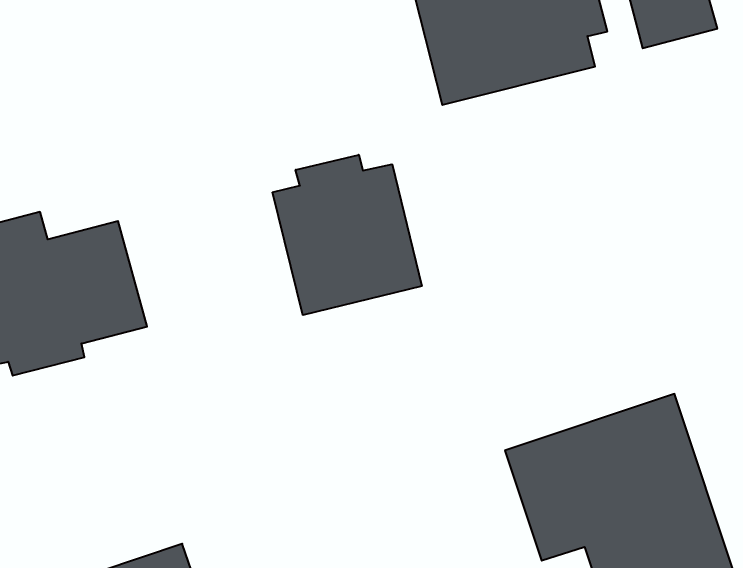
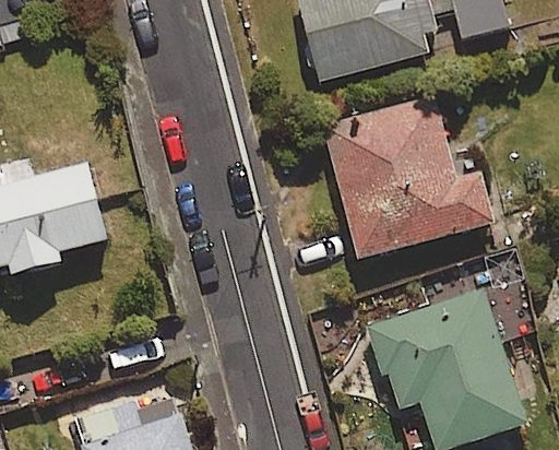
building: none -> [324,93,491,256]
building: [273,155,422,315] -> none

